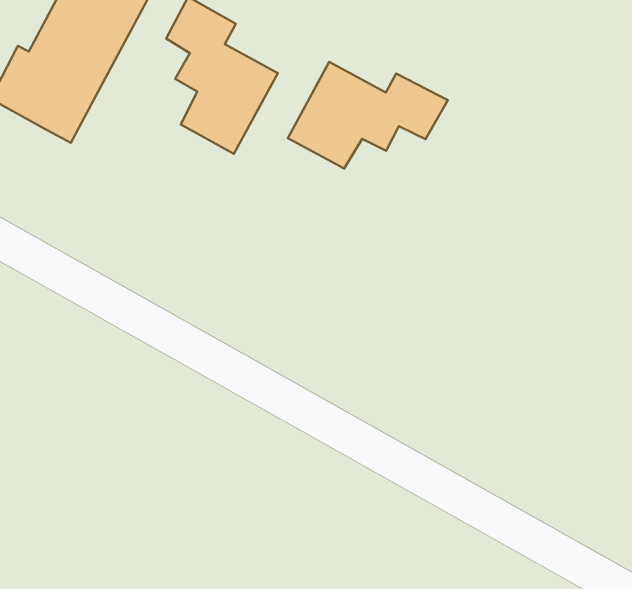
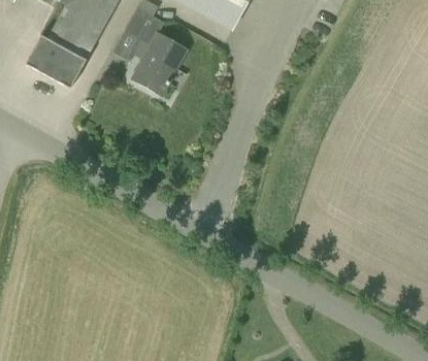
building: [288,62,448,169] -> none

